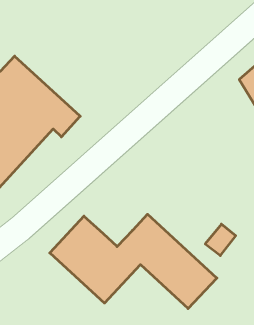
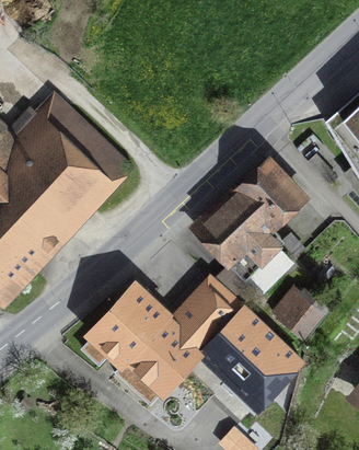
building: none -> [200,161,310,296]

